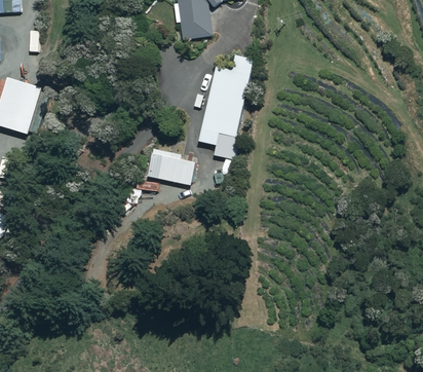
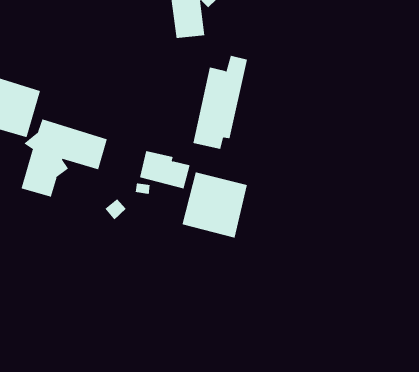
building: none -> [21,118,107,198]
building: none -> [182,172,247,238]

